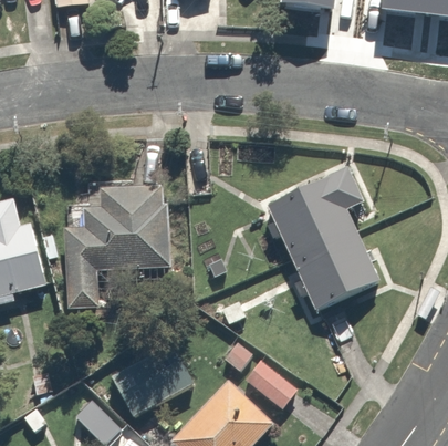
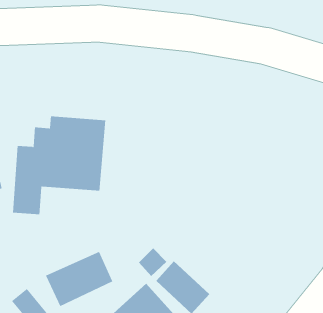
building: [267,168,383,311] -> none

